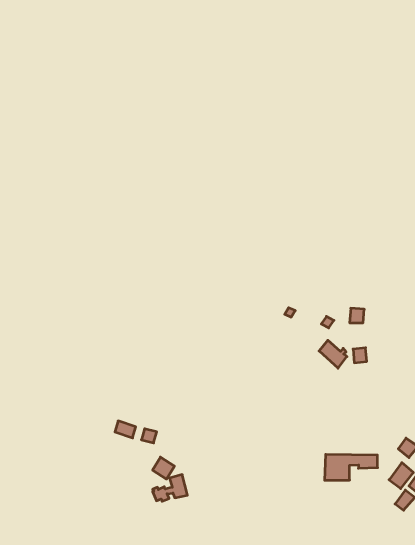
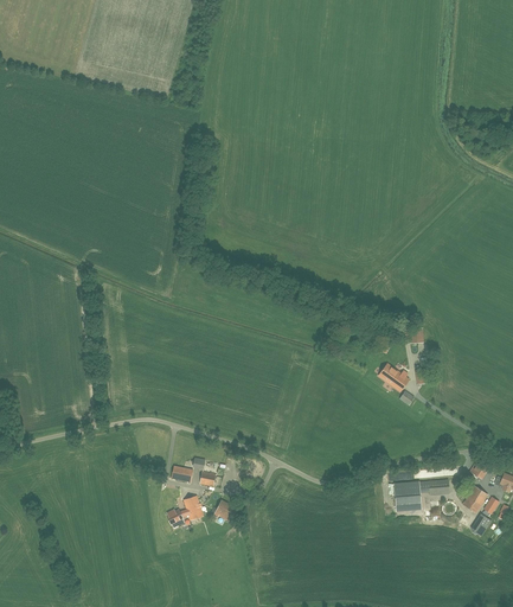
building: [153,475,187,501] -> [166,496,203,525]

